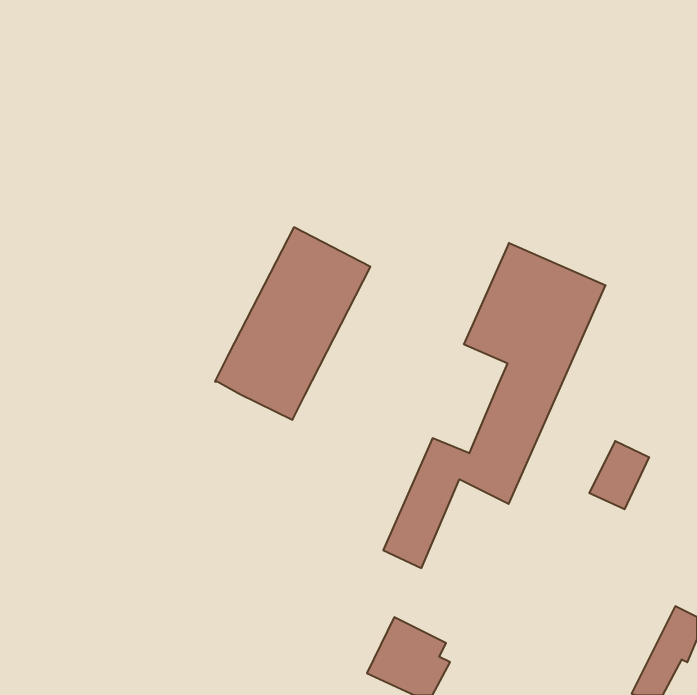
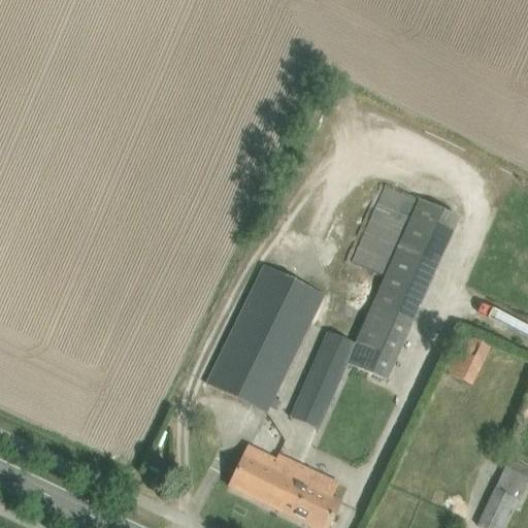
building: [215,227,370,420] -> [209,266,327,411]
building: none -> [230,446,298,508]

